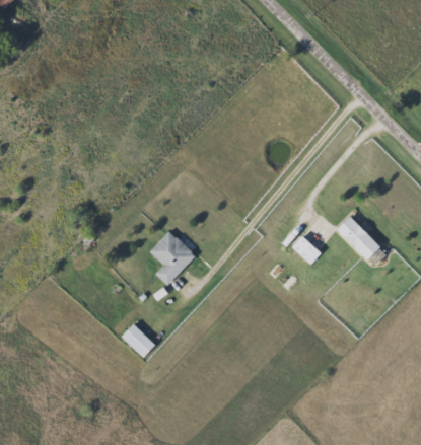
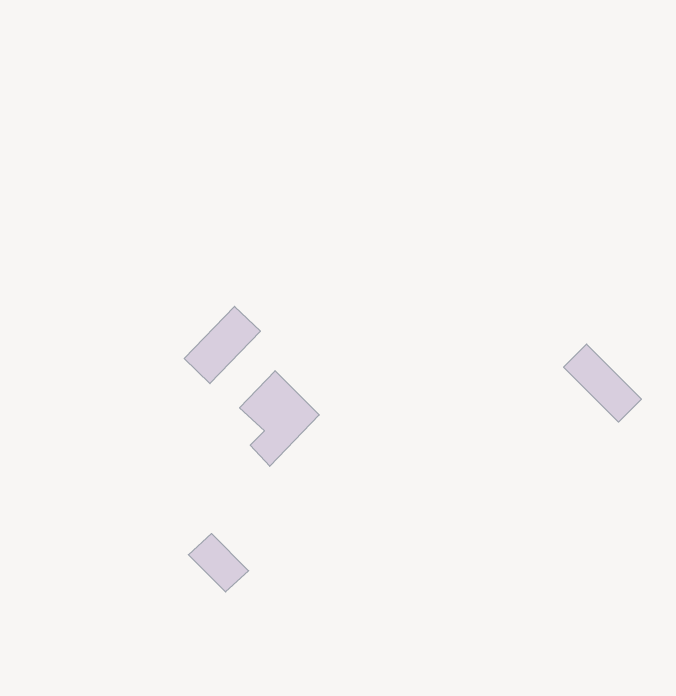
building: none -> [184,306,260,384]
building: [288,232,322,265] -> none

